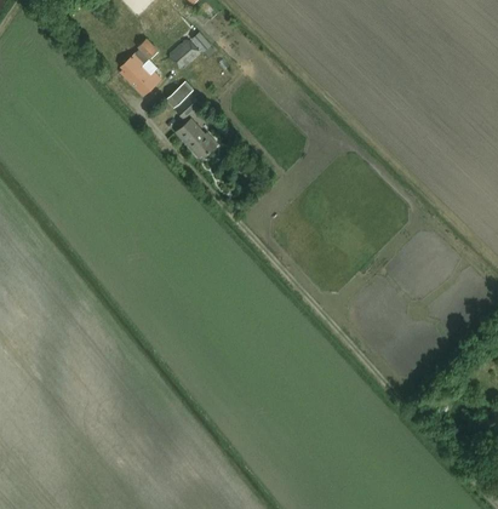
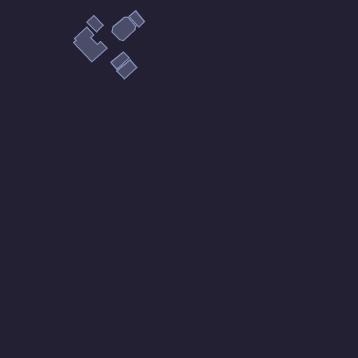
building: [176,118,217,156] -> none

